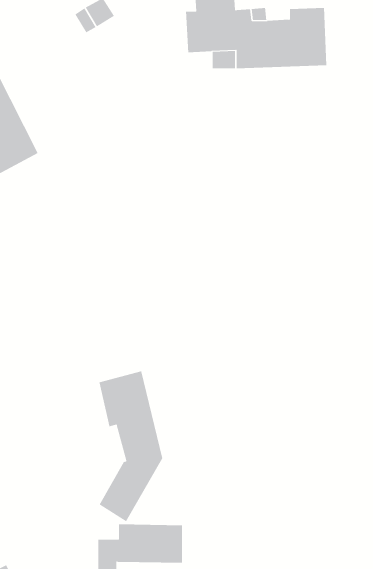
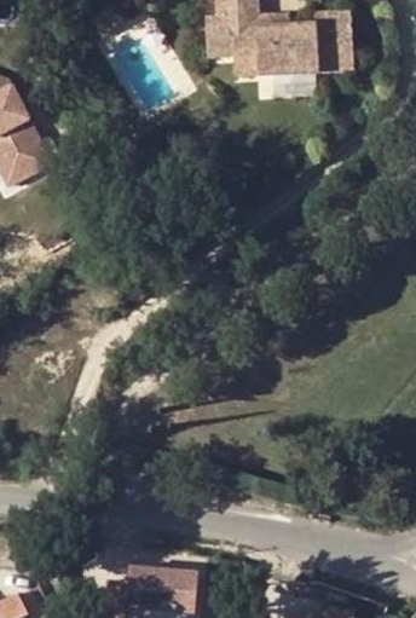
building: [99,371,163,522] -> none

